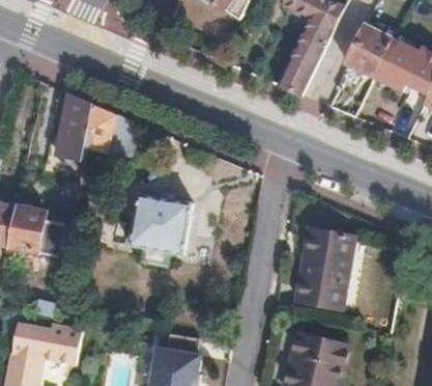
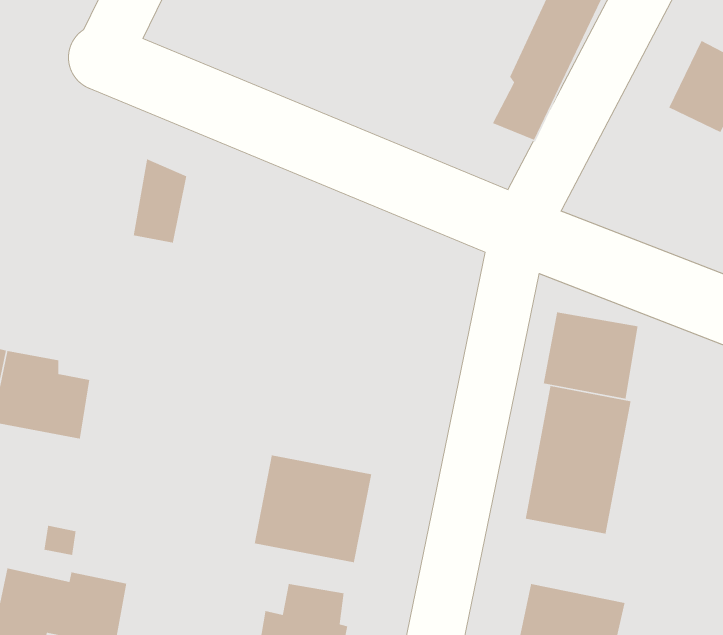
building: [344,27,390,77] -> none
building: [59,93,93,159] -> none
building: none -> [543,311,638,400]
building: [127,196,191,254] -> [254,454,372,563]

